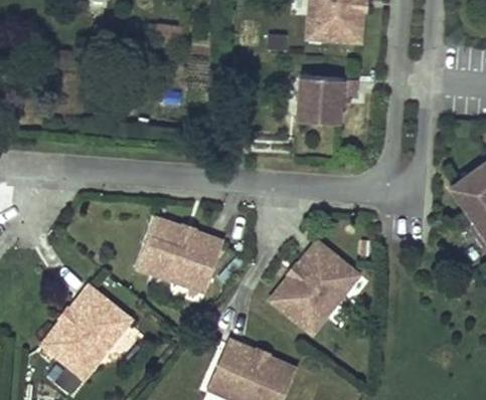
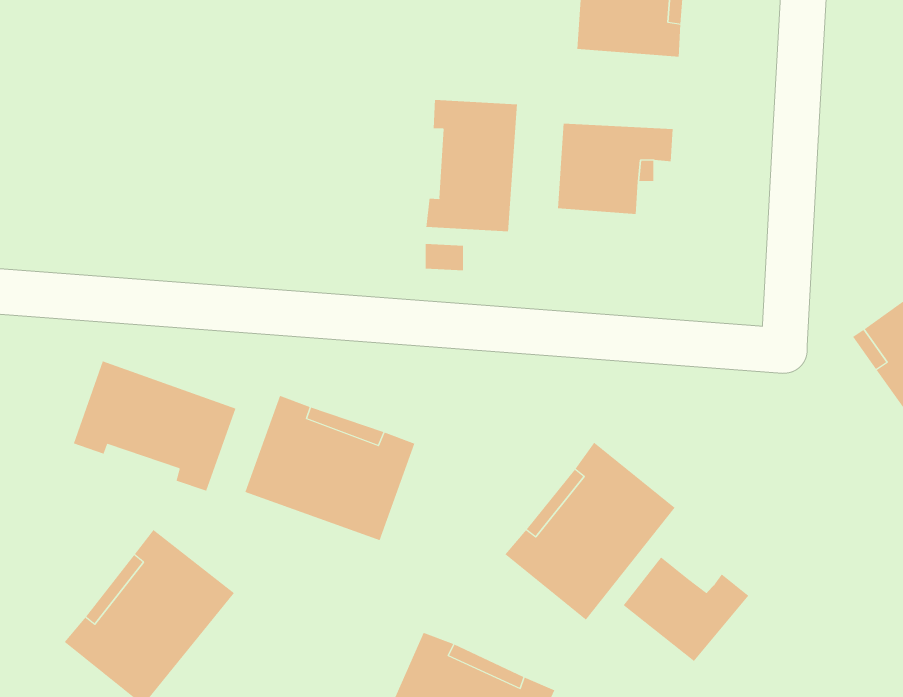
building: none -> [426,99,517,232]
building: none -> [73,361,236,492]
building: none -> [623,557,749,662]

